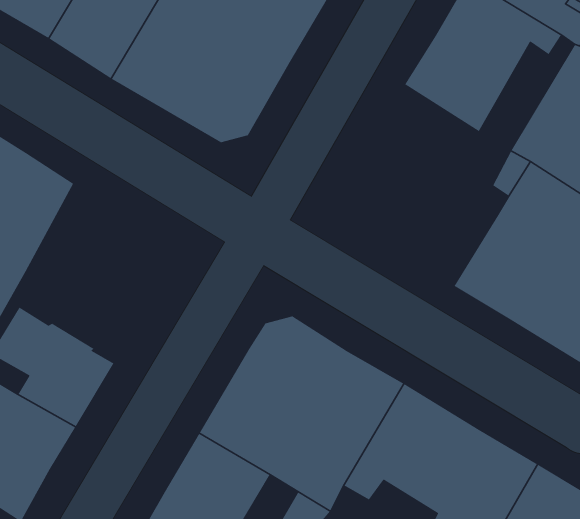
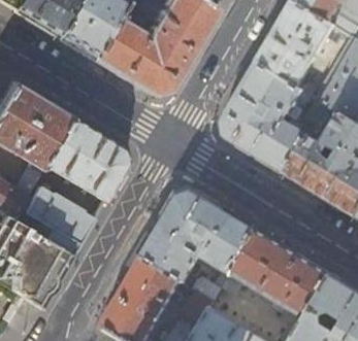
building: none -> [222,62,312,175]
building: none -> [45,117,127,201]

